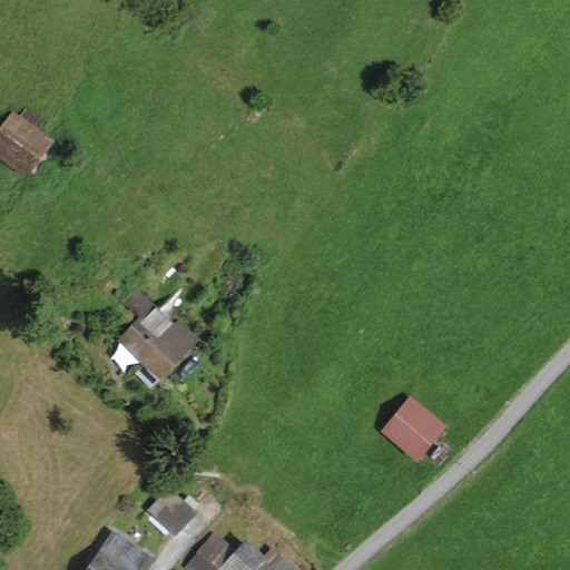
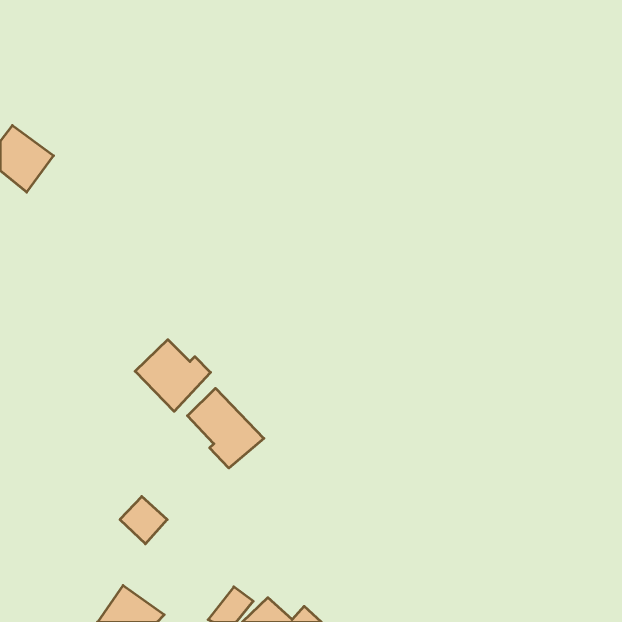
building: none -> [187,388,264,468]
building: [383,402,442,460] -> none
building: [149,490,193,533] -> [120,496,167,544]

